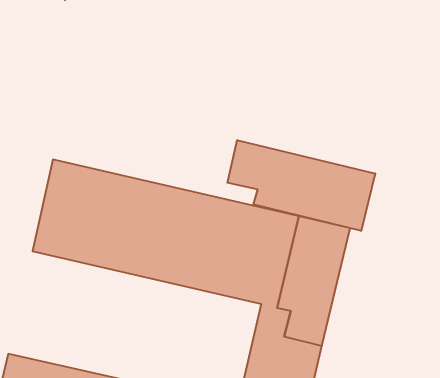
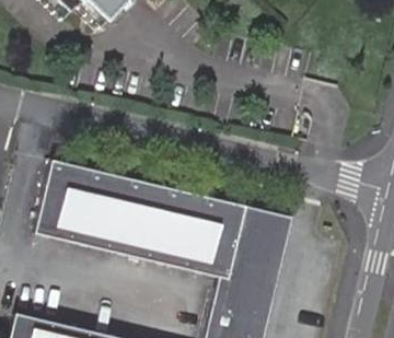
building: [227,140,375,231] -> none

